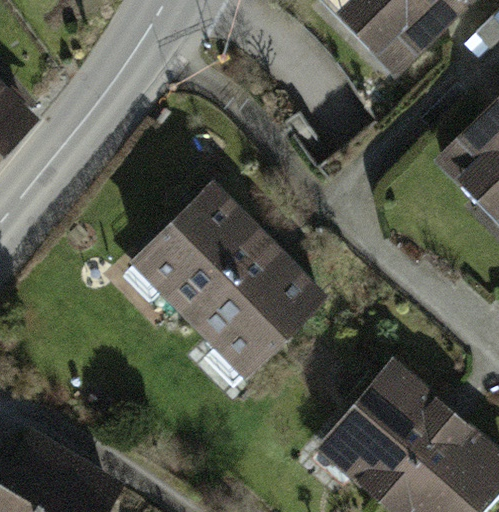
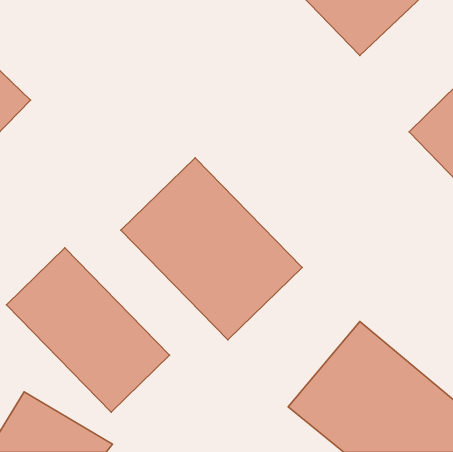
building: none -> [6,248,170,412]

